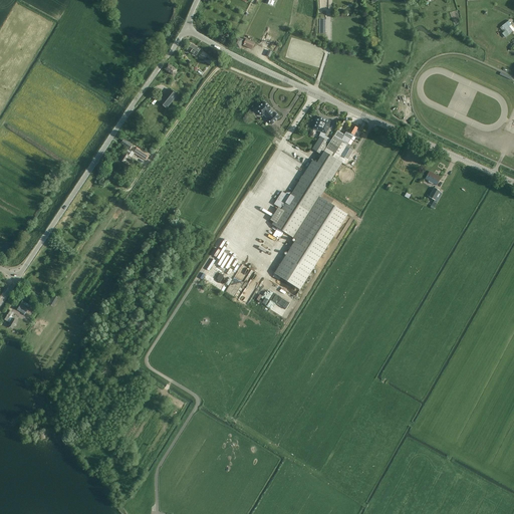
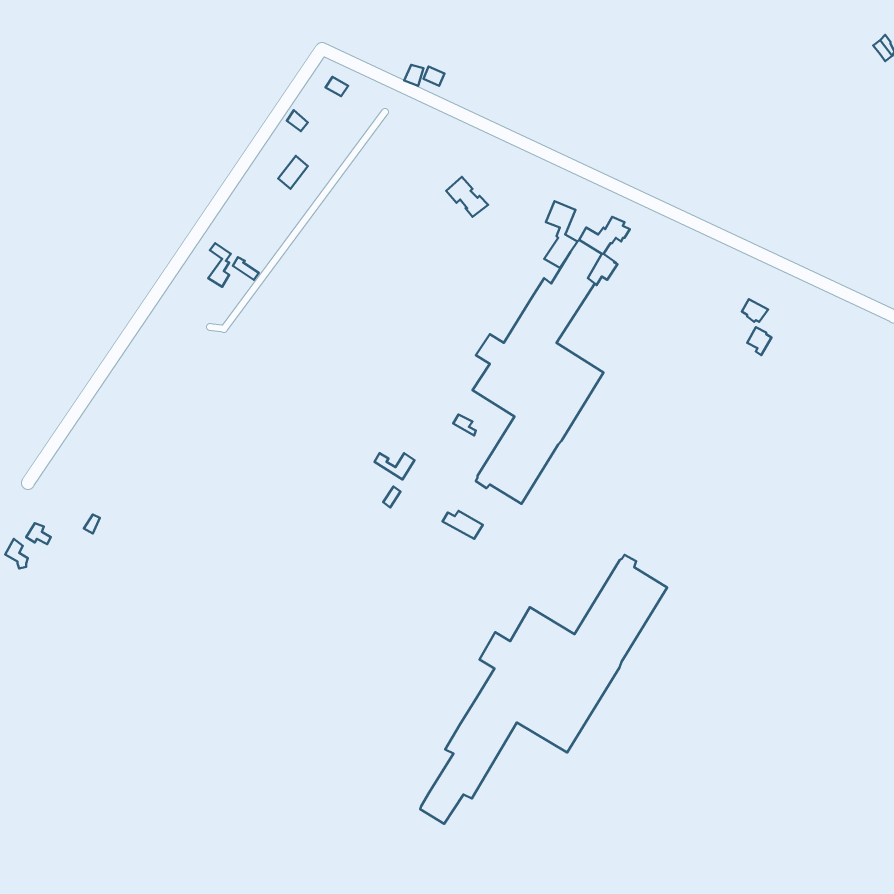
building: none -> [420,555,667,824]

